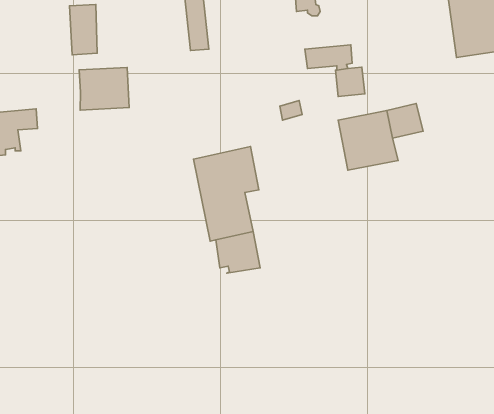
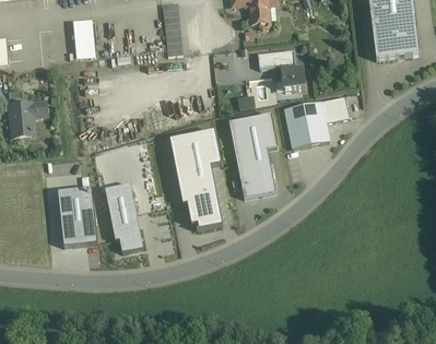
building: [79,68,129,110] -> none
building: none -> [228,114,278,198]
building: none -> [105,185,142,252]
building: none -> [58,188,96,246]

